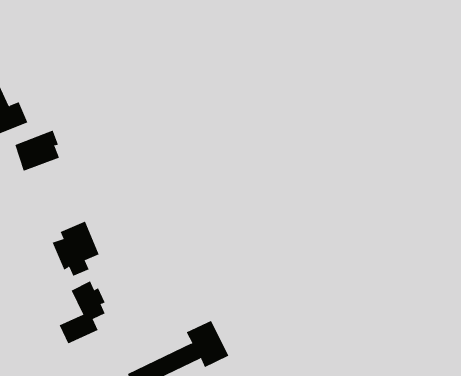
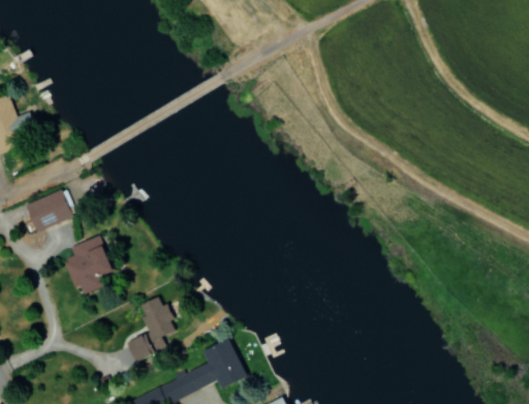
building: [14,130,60,172] -> [26,188,73,231]
building: [59,281,105,344] -> [125,296,174,362]

